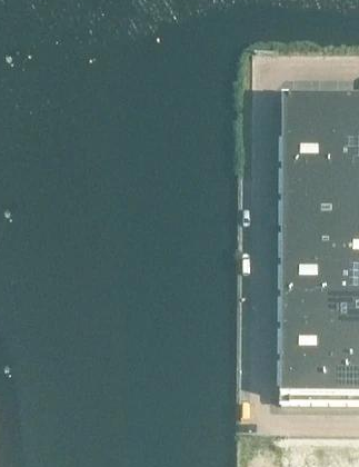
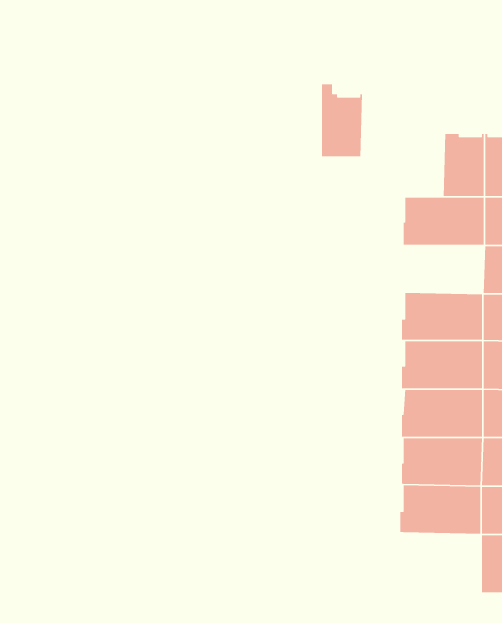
building: [282,85,310,133] -> [321,83,363,157]
building: [281,166,337,198] -> none
building: [280,357,335,397] -> none

